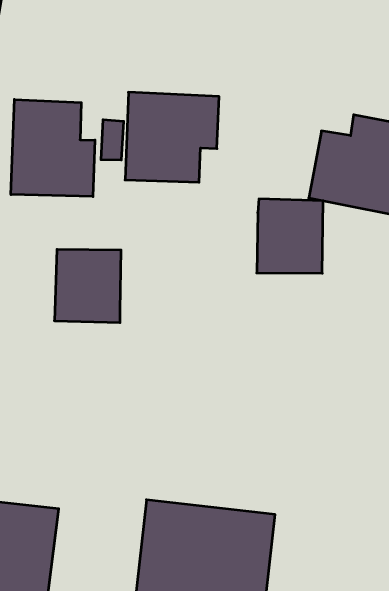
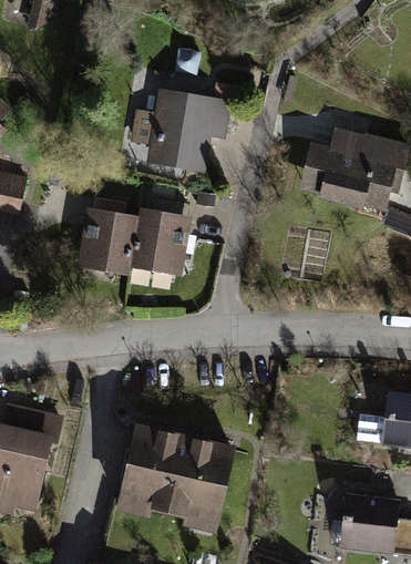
building: [11,99,95,197] -> none
building: [257,199,323,273] -> [129,205,189,271]

